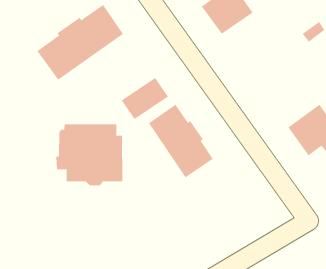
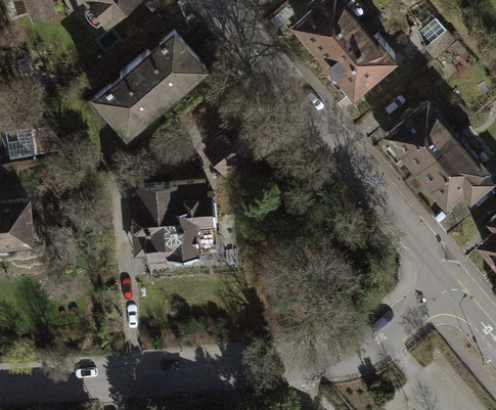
building: none -> [323,28,393,93]
building: none -> [387,101,453,168]
building: [148,104,214,178] -> none

